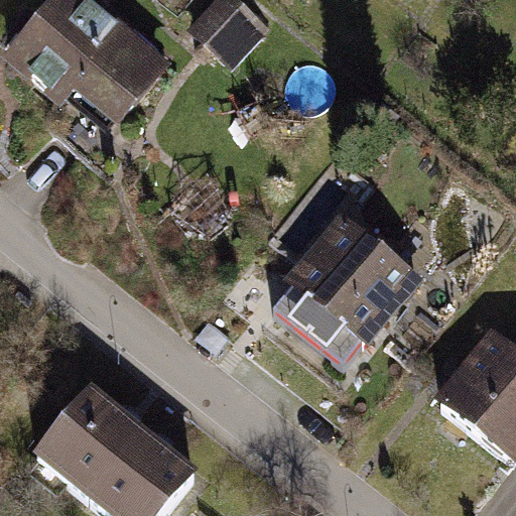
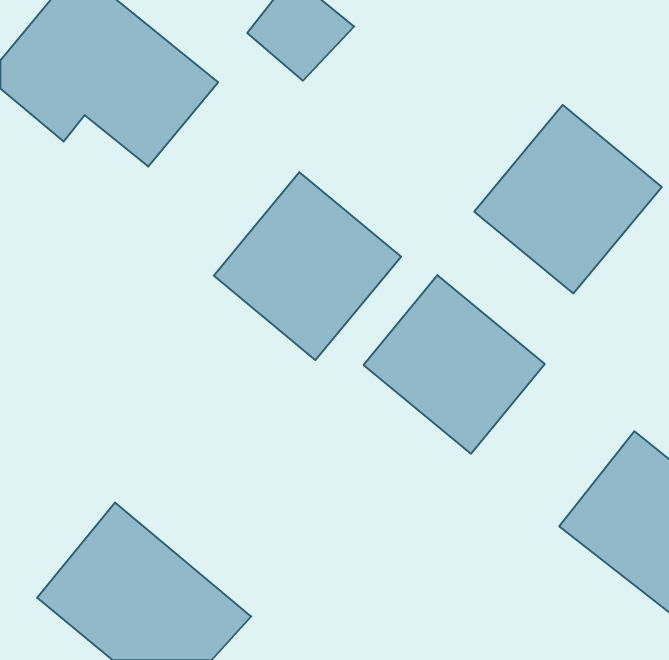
building: none -> [474,105,662,293]
building: none -> [214,172,401,360]

